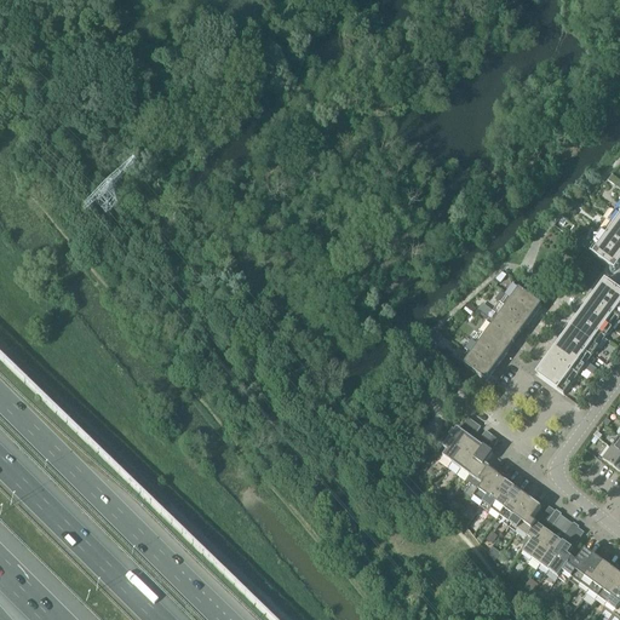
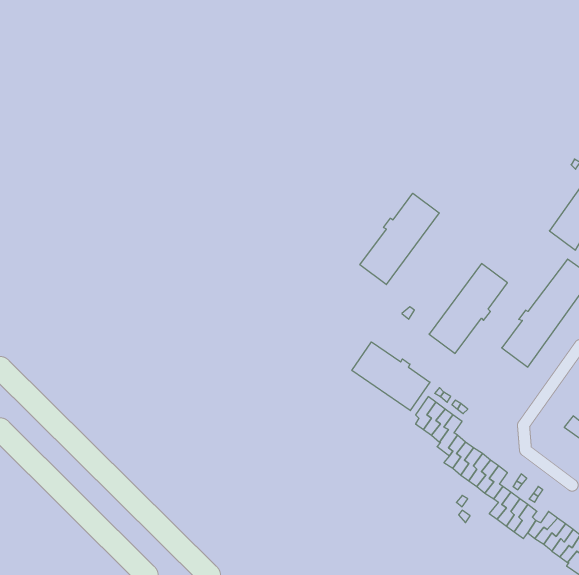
building: none -> [360,193,439,285]
building: none -> [352,342,430,411]

